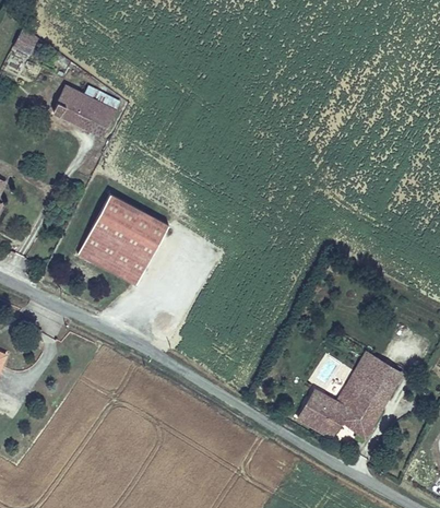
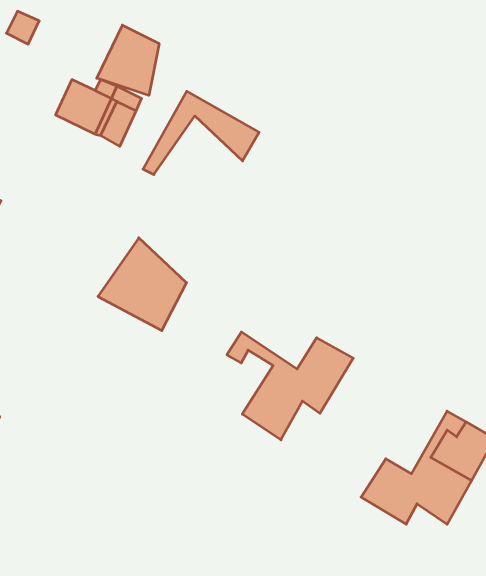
building: none -> [97,25,159,95]
building: [76,192,169,259] -> [143,91,259,175]
building: none -> [227,332,353,440]

